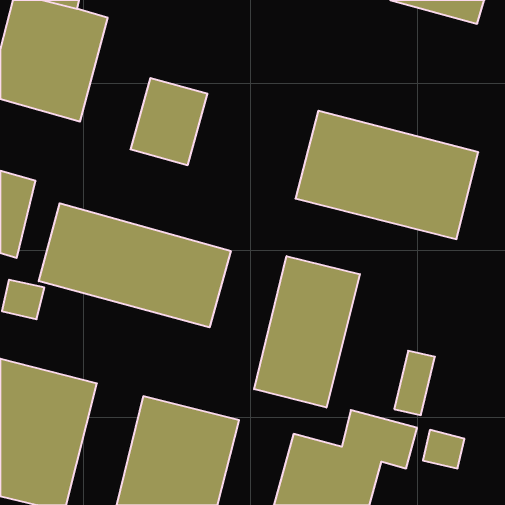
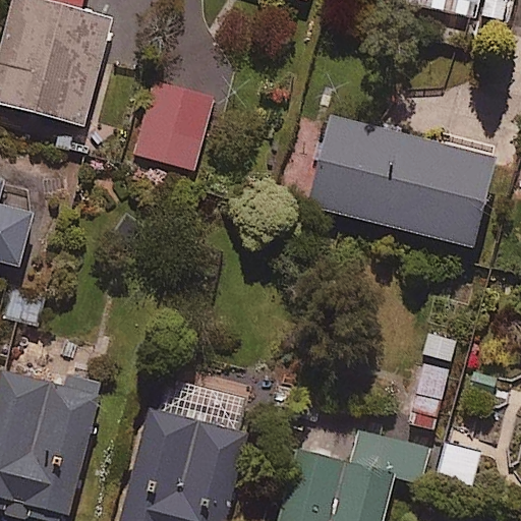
building: [39,203,231,327] -> none
building: [254,256,360,408] -> none

